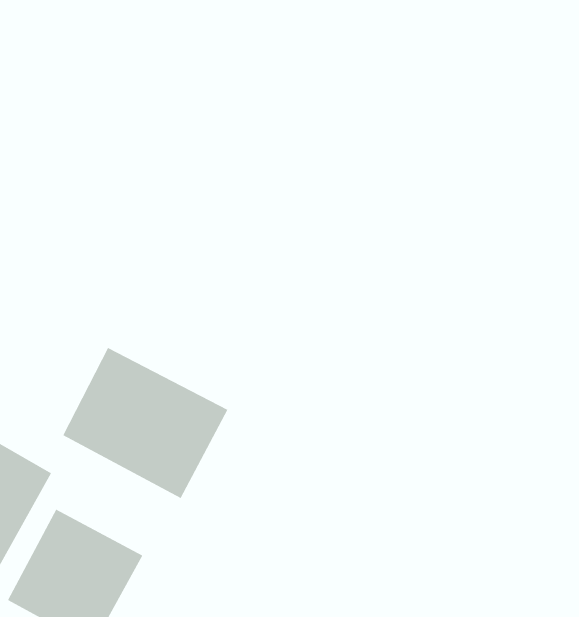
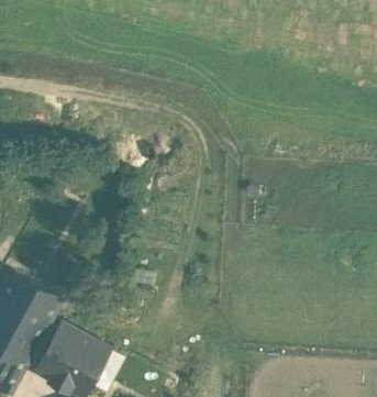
building: [62,347,228,499] -> none

